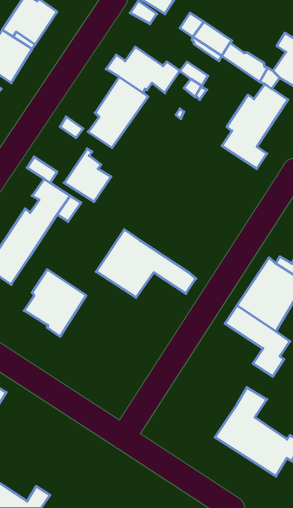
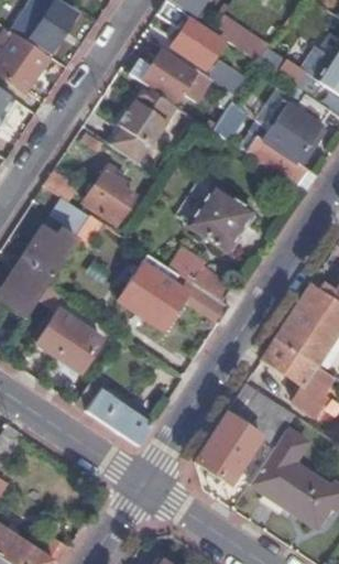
building: none -> [173,20,223,67]
building: none -> [190,187,251,249]
building: none -> [168,246,232,301]
building: none -> [74,381,152,445]
building: none -> [193,382,296,488]

